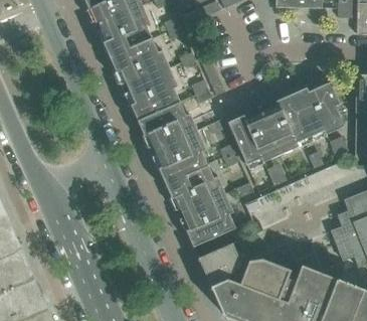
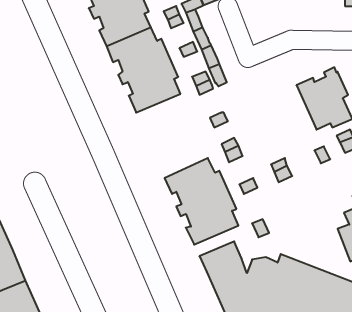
building: [227,94,310,164] -> none
building: [138,102,206,182] -> none

